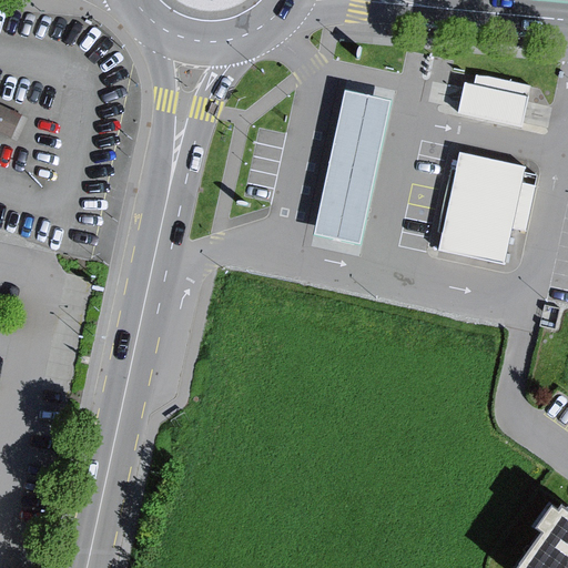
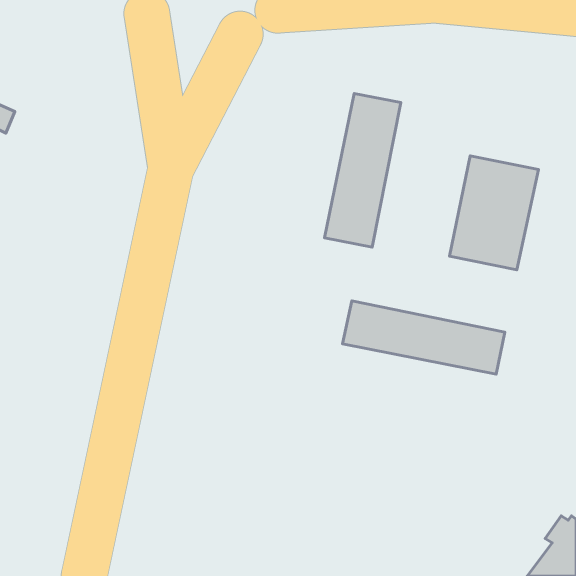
building: [457,72,532,126] -> none
building: none -> [343,301,505,374]

